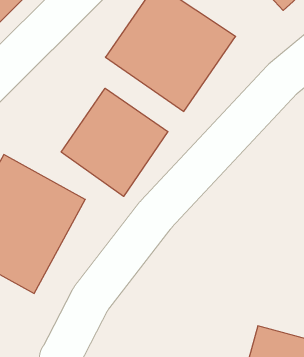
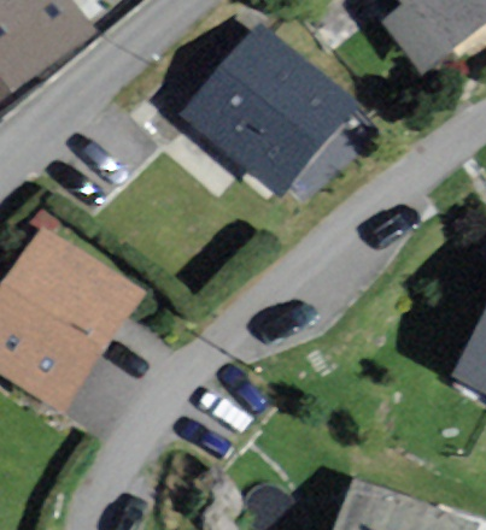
building: [61,88,168,196] -> none

